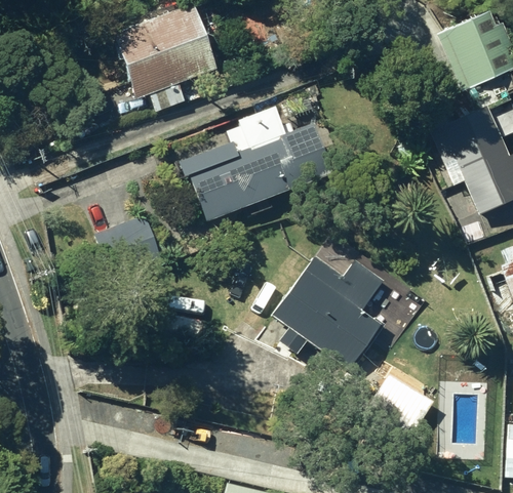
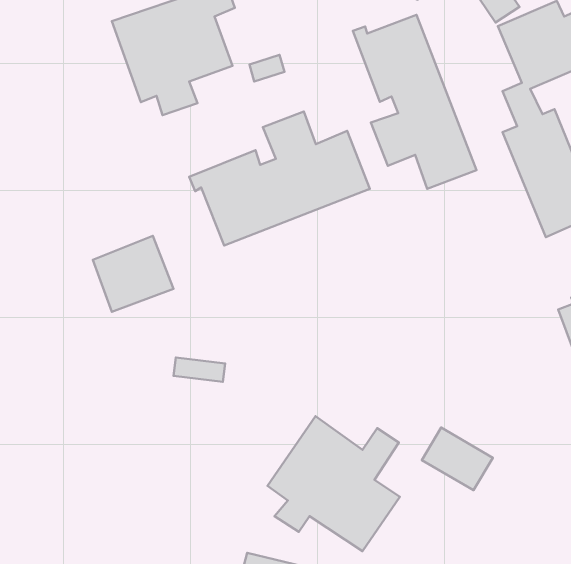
building: none -> [353,15,477,189]
building: [273,255,386,370] -> [267,416,400,551]

